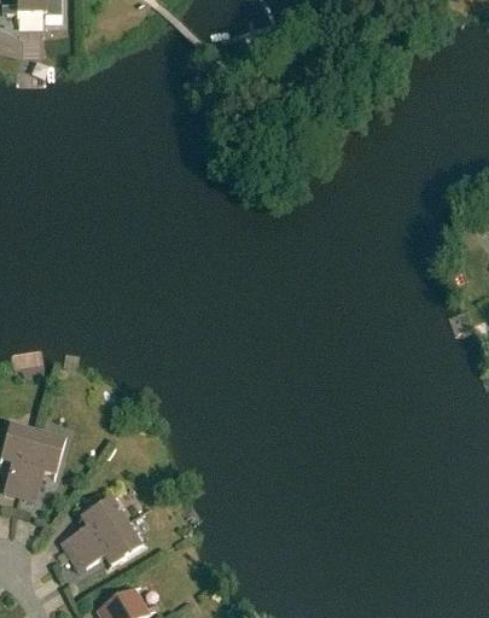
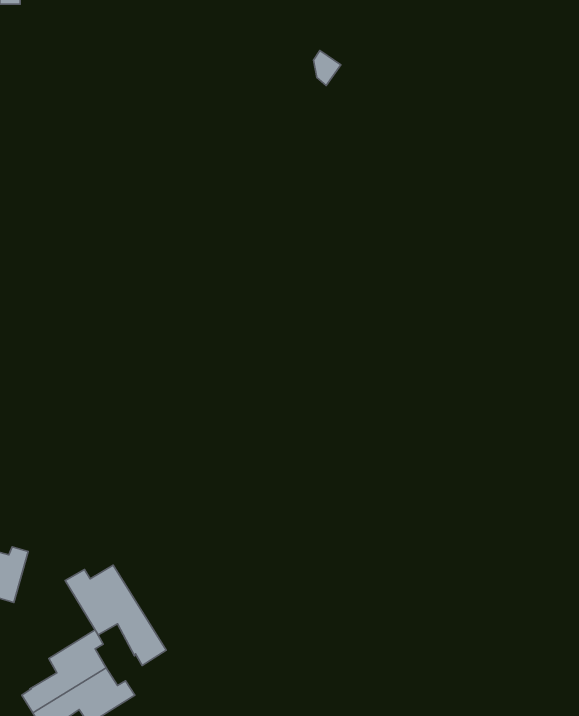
building: none -> [65,565,166,666]

